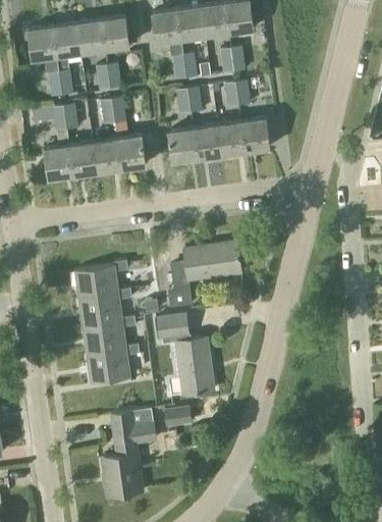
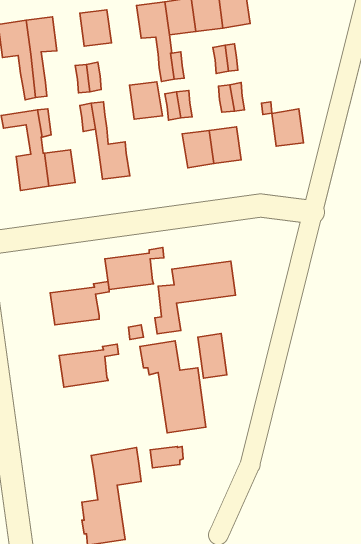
building: [76,19,105,53] -> none
building: [241,117,270,151] -> [272,109,304,146]
building: [168,127,198,161] -> [130,82,163,119]
building: [93,138,121,171] -> none
building: [78,289,131,326] -> [105,247,164,290]
building: none -> [198,334,227,378]
building: [87,345,140,383] -> none

